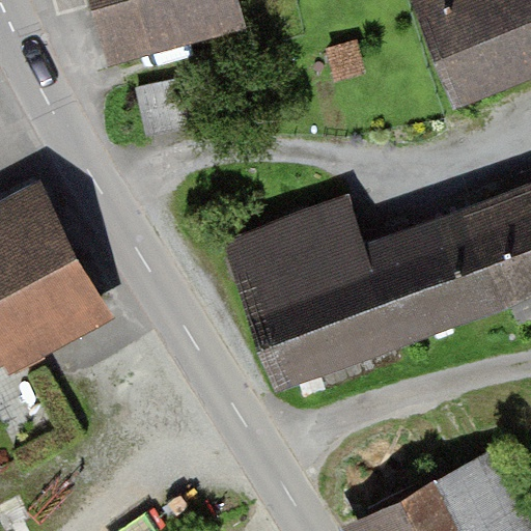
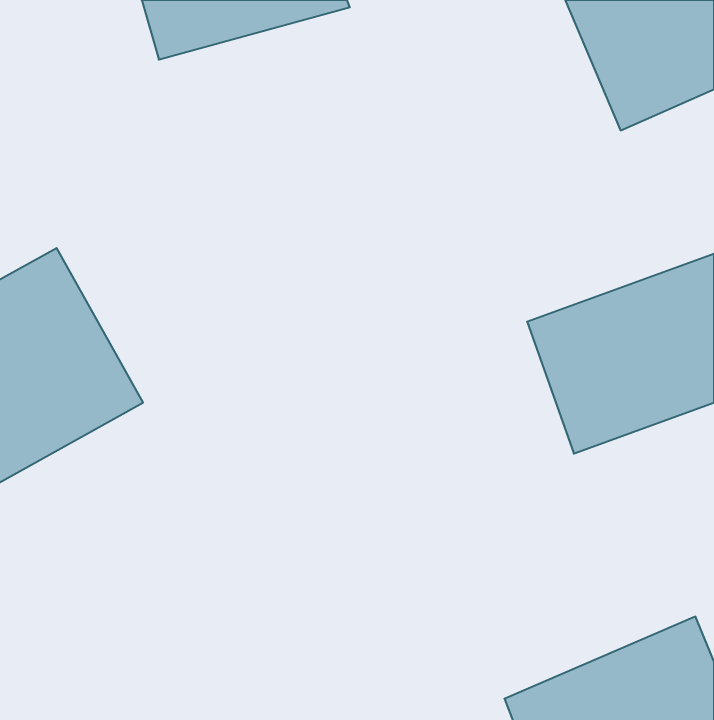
building: [230,211,408,382] -> none

